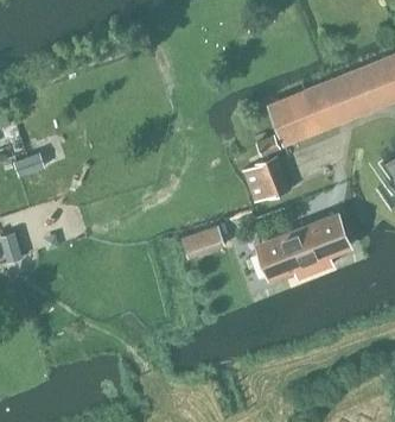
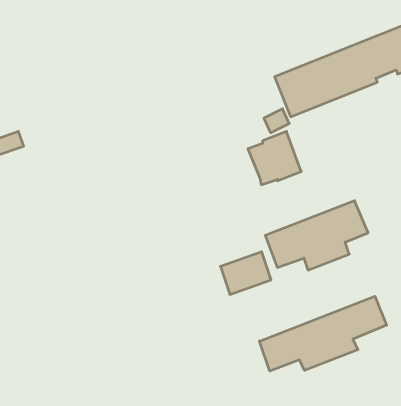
building: [183,223,228,262] -> [220,252,271,294]
building: none -> [259,296,387,371]

